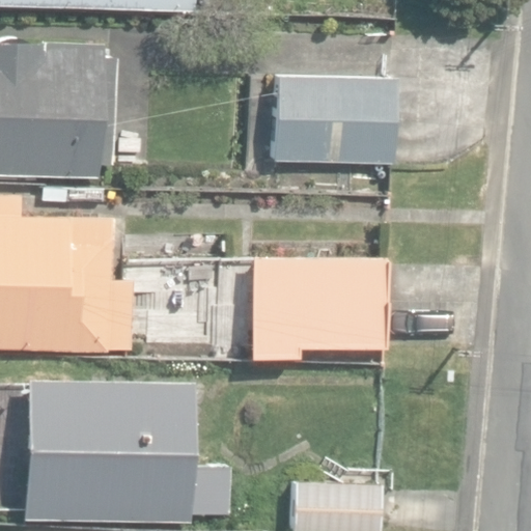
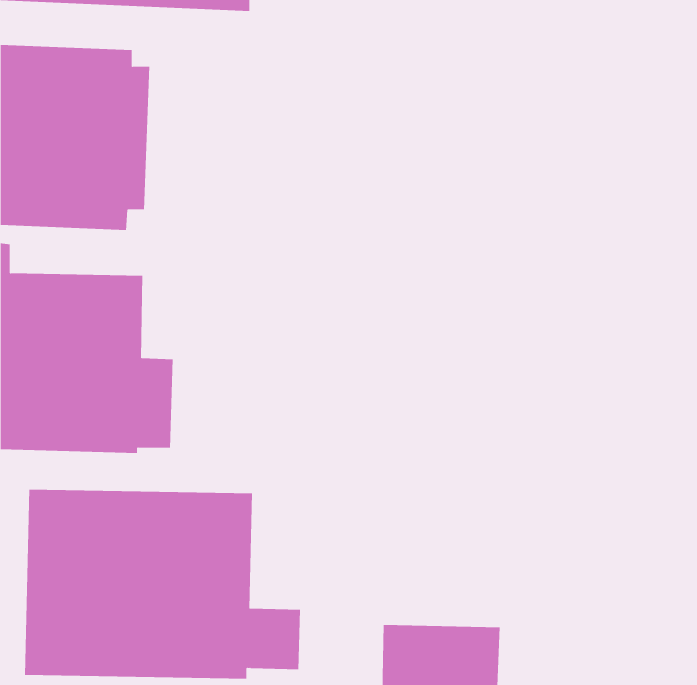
building: [275,84,390,168] -> none
building: [249,260,381,355] -> none

